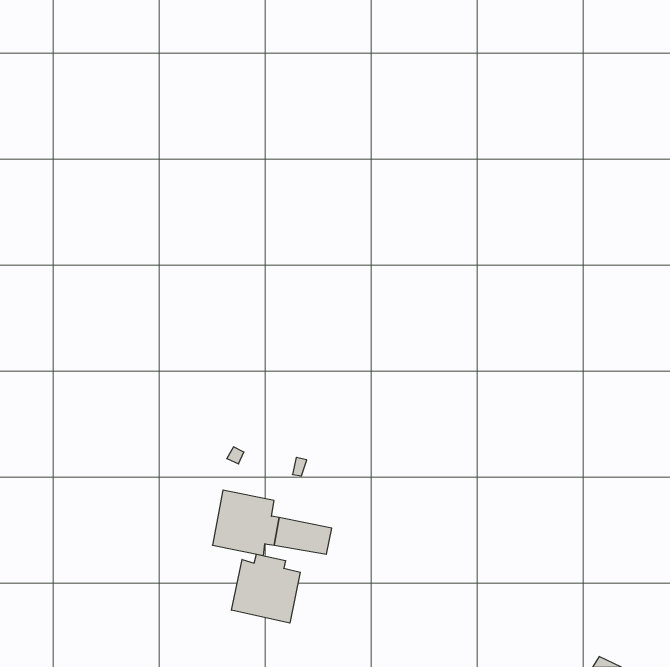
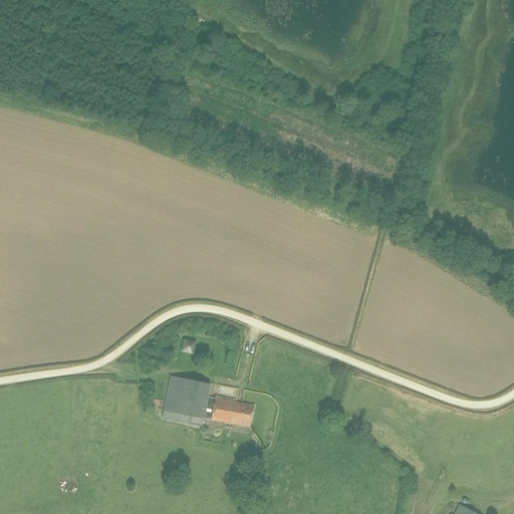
building: [232,554,300,623] -> none

